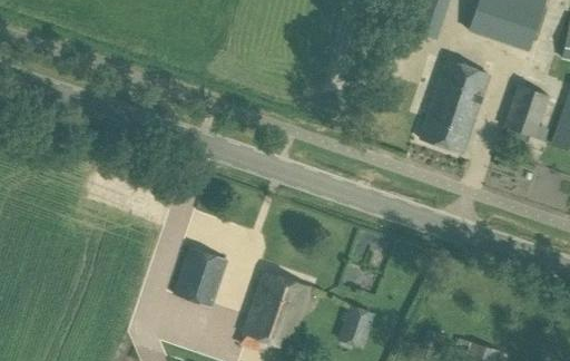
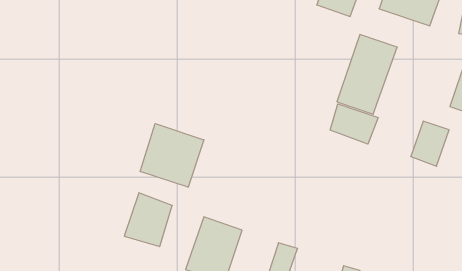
building: [505,87,550,139] -> [411,121,449,166]
building: none -> [330,104,378,144]
building: none -> [140,124,204,187]

